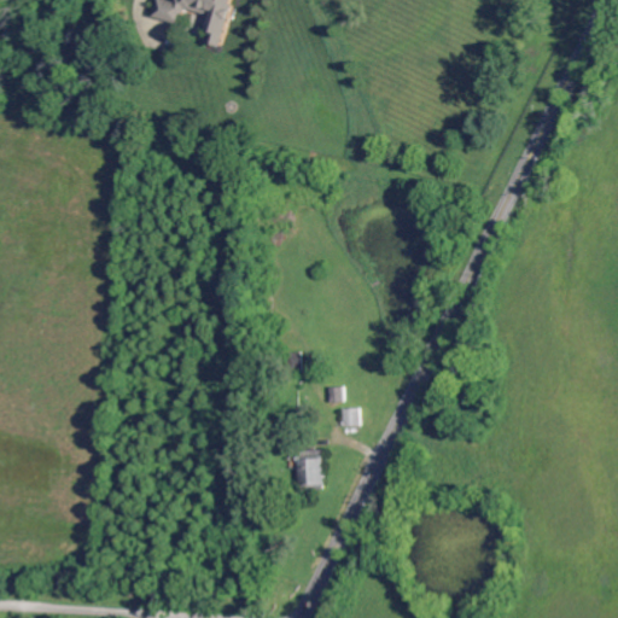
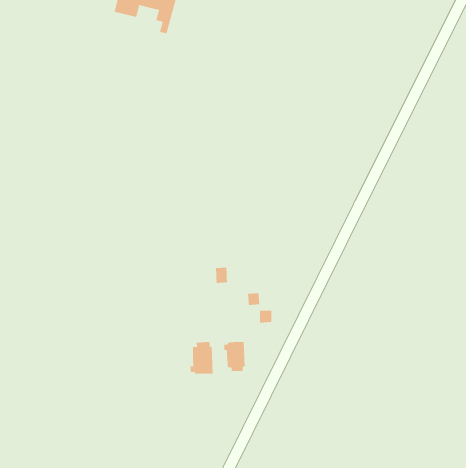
building: none -> [190,341,213,375]

